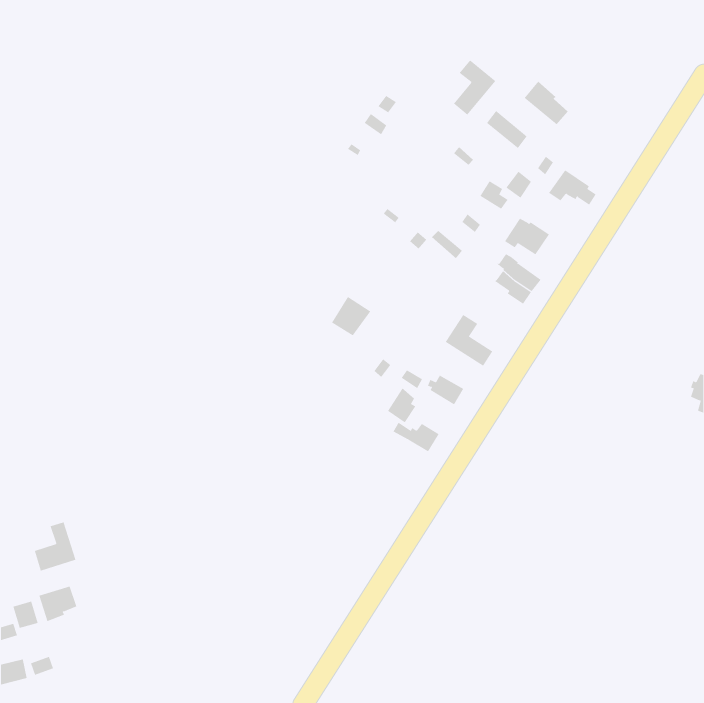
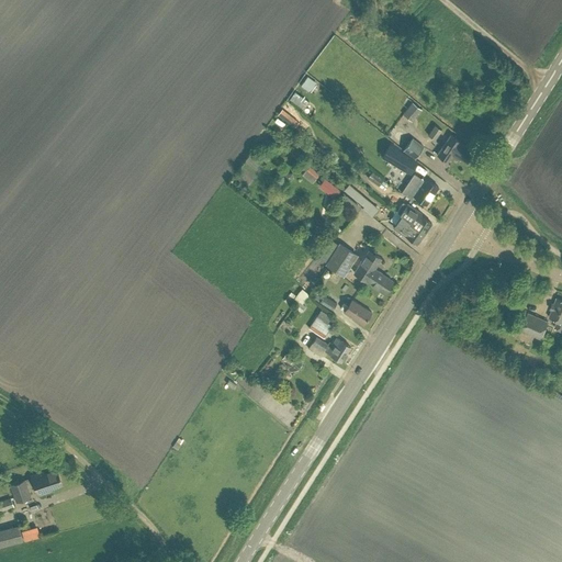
building: [453,59,496,116] -> none
building: [524,81,568,125] -> none
building: [331,296,371,336] -> [326,244,358,276]
building: none -> [520,313,550,339]
building: [34,522,76,571] -> none

